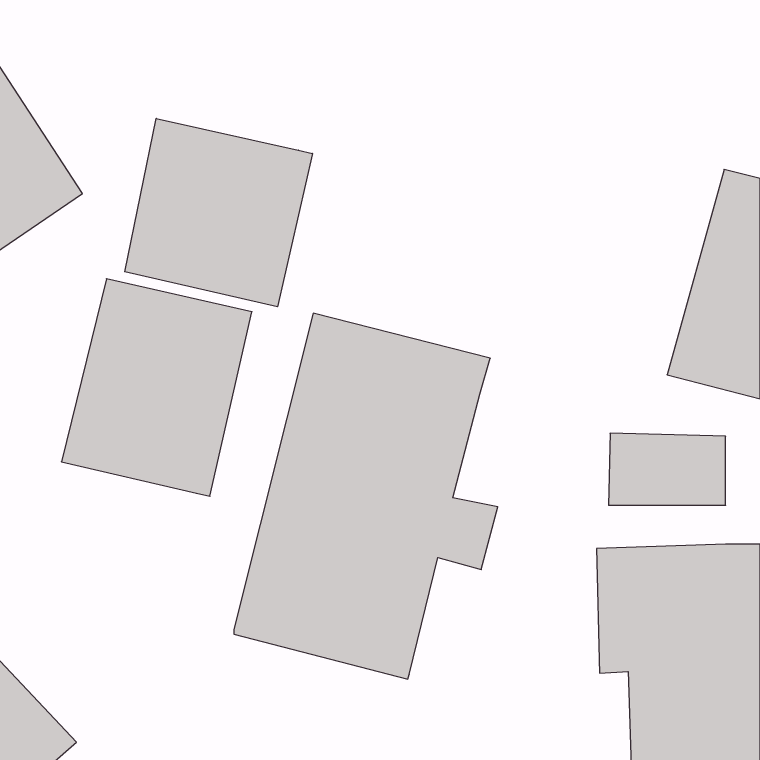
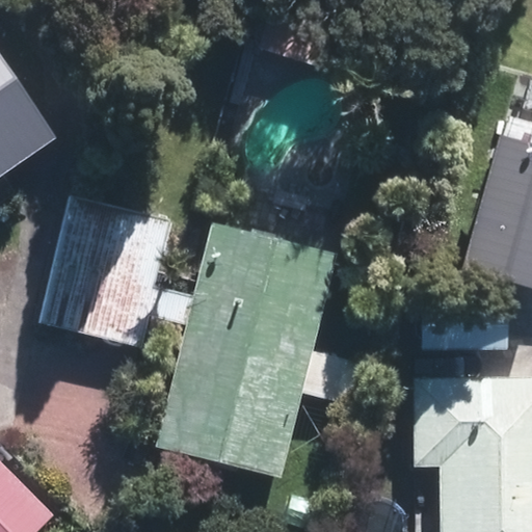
building: [125,118,312,307] -> none

